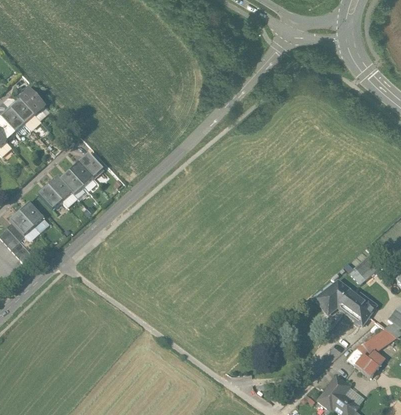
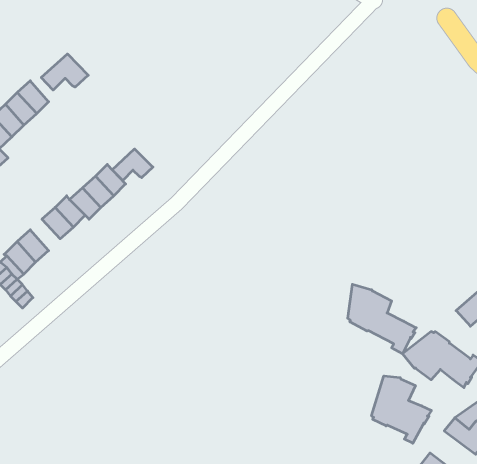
building: none -> [41,54,88,90]
building: none -> [112,149,153,180]
building: none -> [348,284,416,354]
building: none -> [372,376,431,443]

